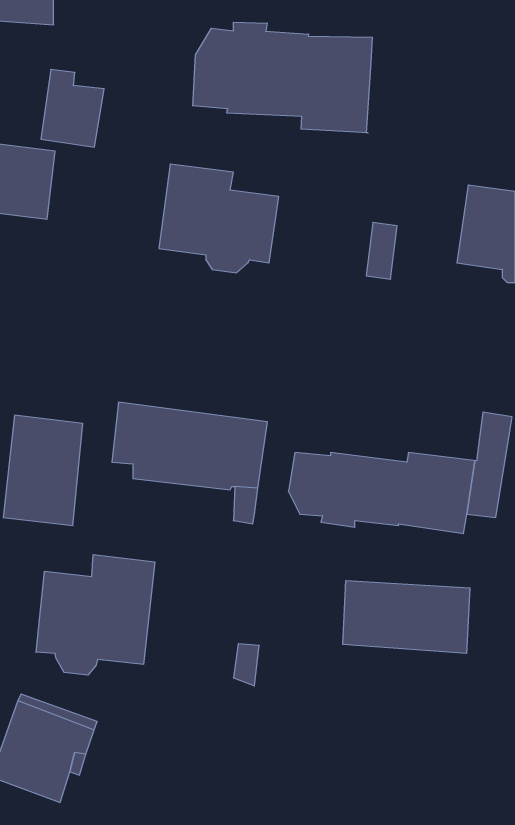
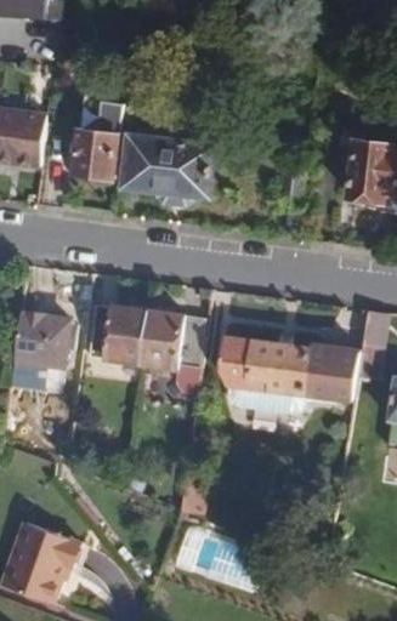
building: [193,22,372,133] -> none
building: [41,69,104,147] -> [73,121,120,180]
building: [36,555,155,675] -> none
building: [343,581,470,653] -> none

